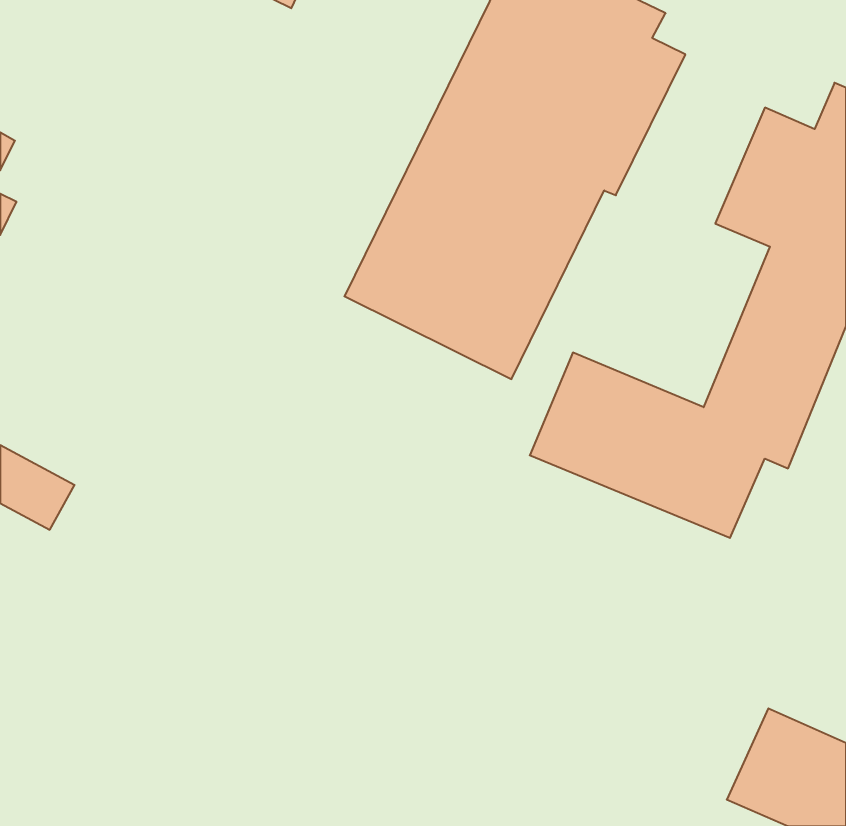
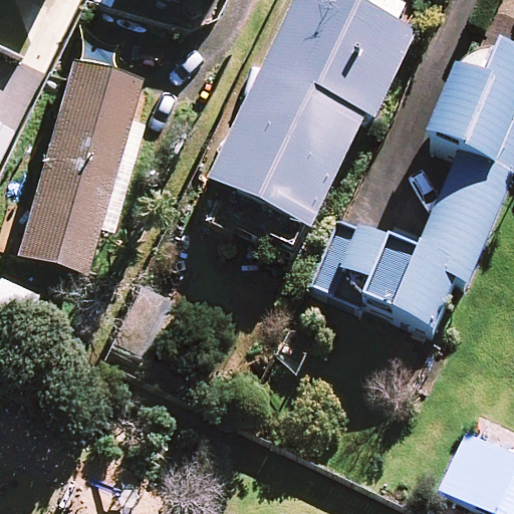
building: none -> [12,53,138,267]

